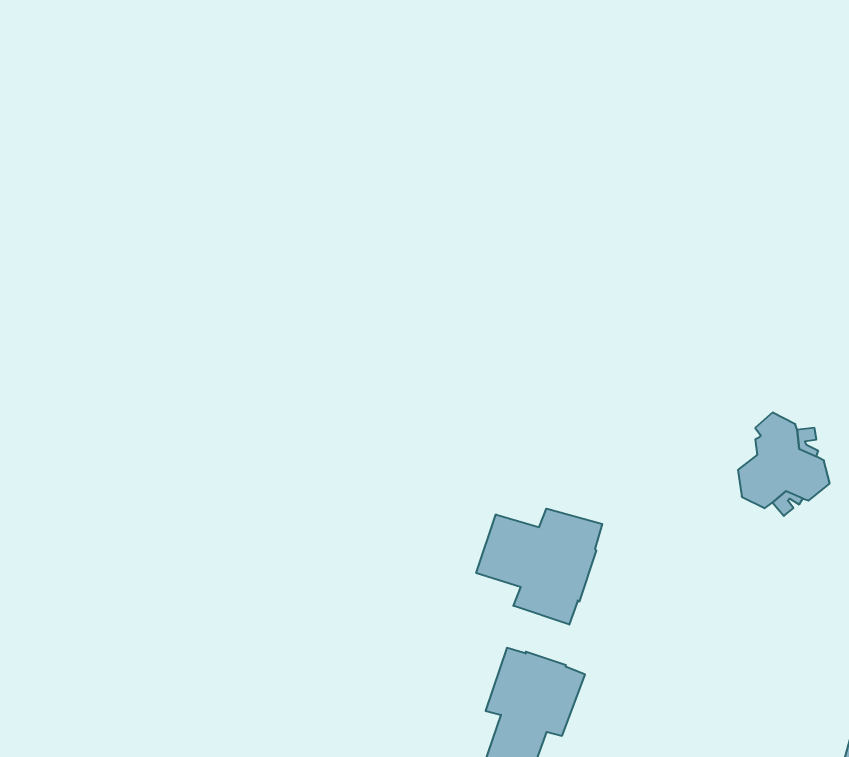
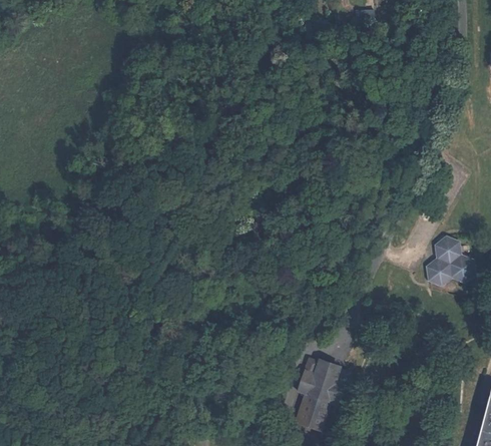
building: [476,509,602,625] -> none

